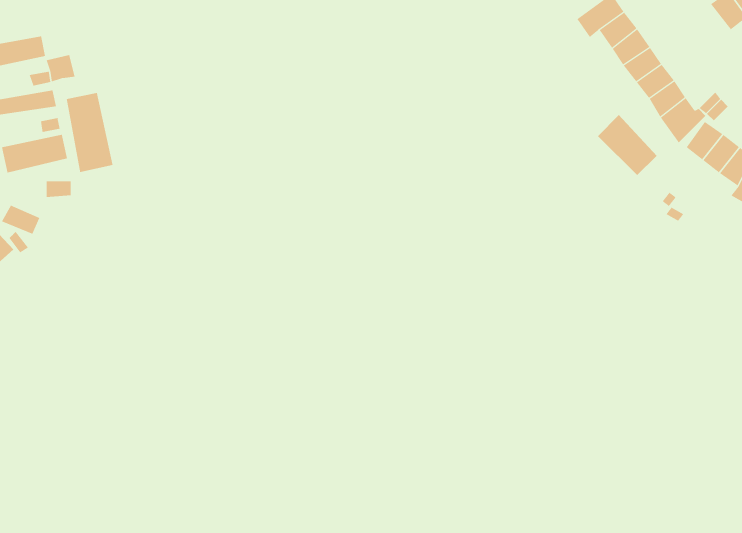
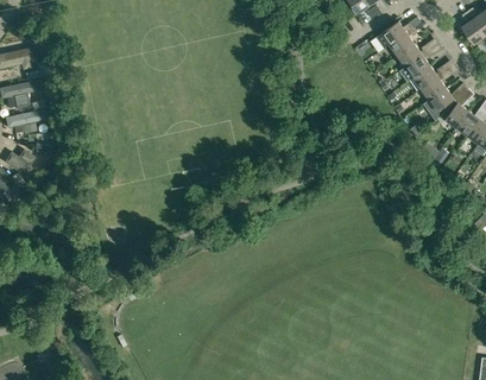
building: [66,92,113,173] -> none
building: [597,114,658,176] -> none

